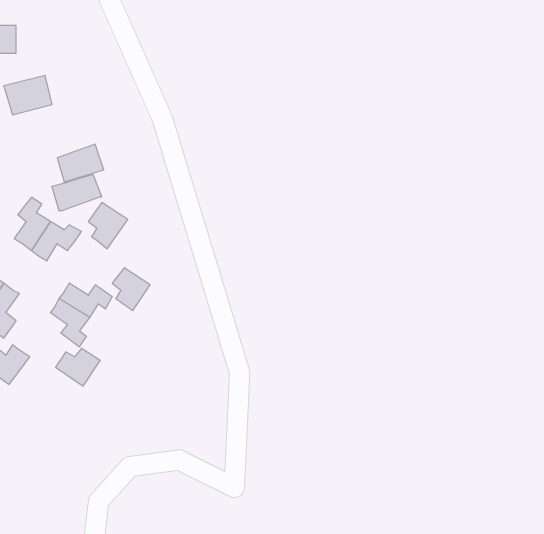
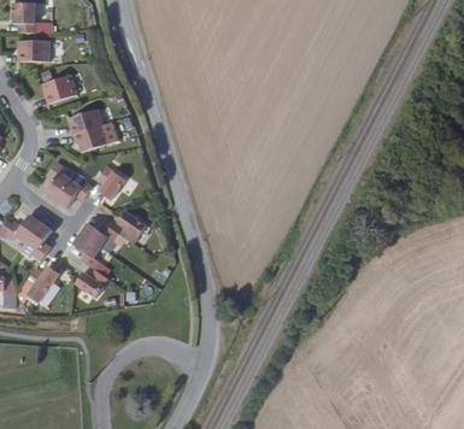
building: [52,174,102,210] -> [70,108,105,134]

